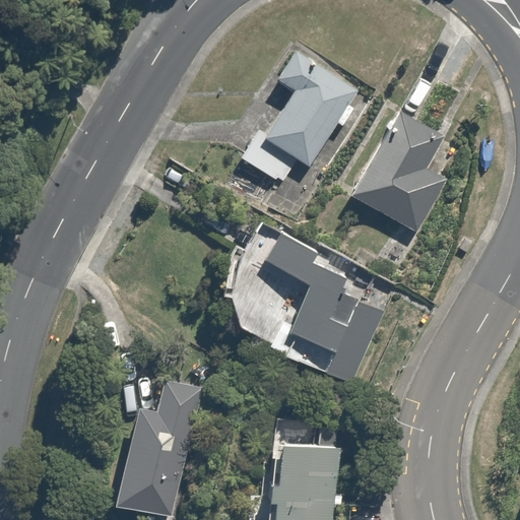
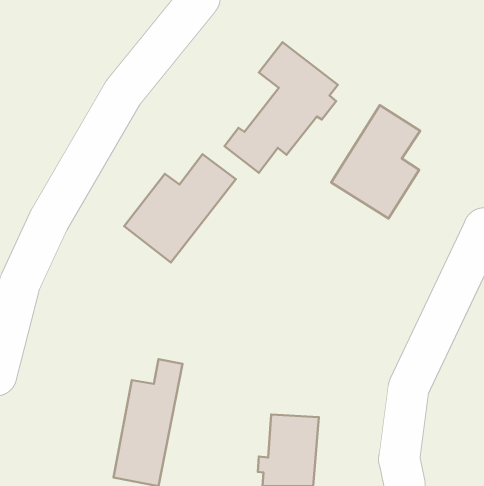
building: none -> [124,154,236,262]
building: [237,228,383,380] -> none

